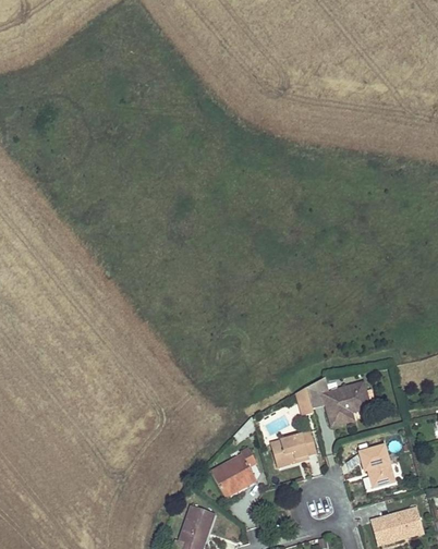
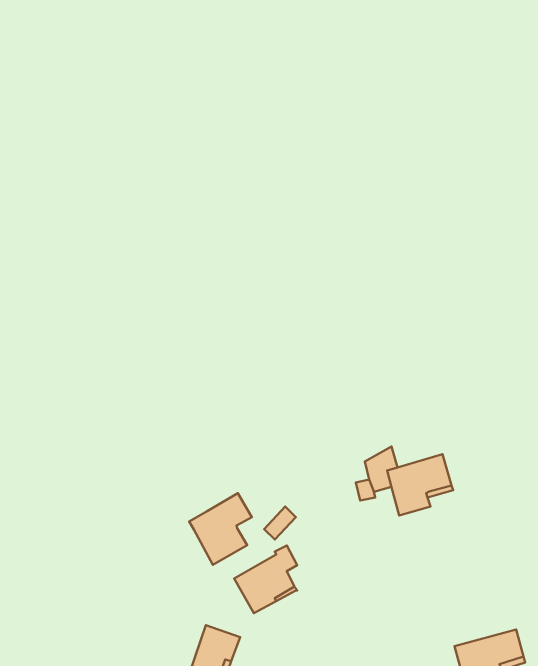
building: none -> [189,493,252,565]
building: [269,431,316,467] -> none
building: [358,446,393,488] -> none

